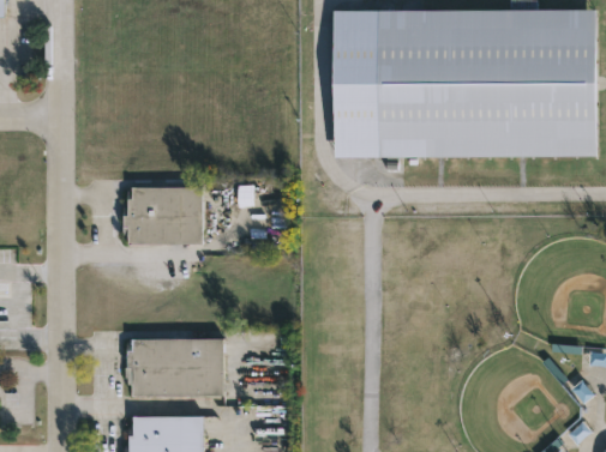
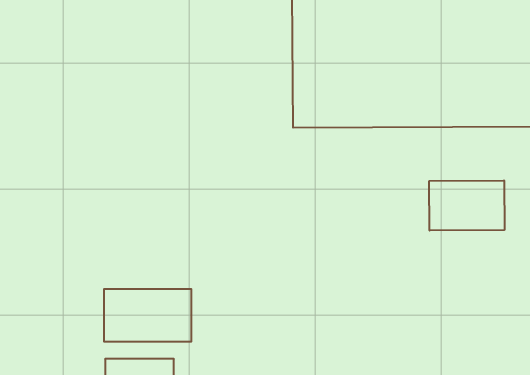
building: [118,185,197,243] -> none
building: none -> [429,180,504,231]

